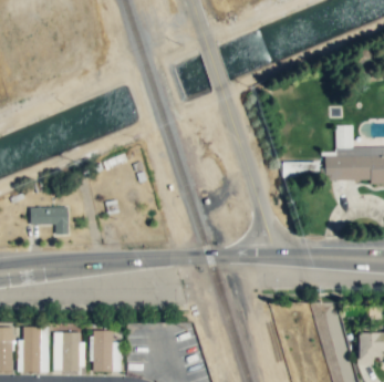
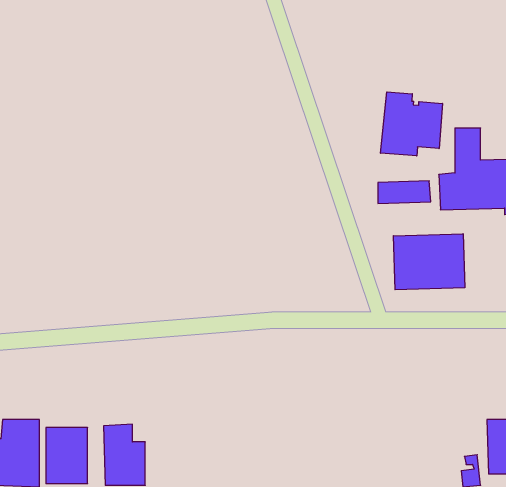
building: none -> [381,92,442,156]
building: none -> [393,234,465,290]
building: [30,207,69,235] -> none

